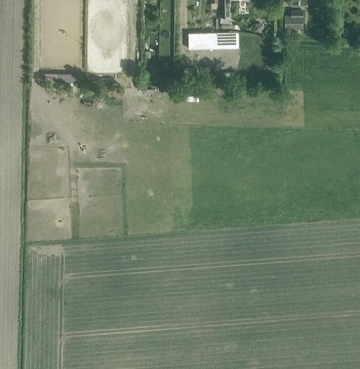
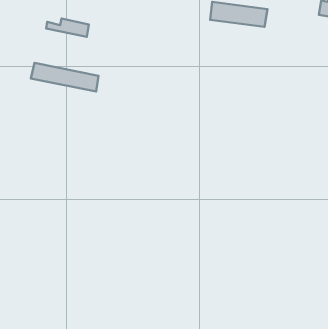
building: none -> [31,63,99,92]

